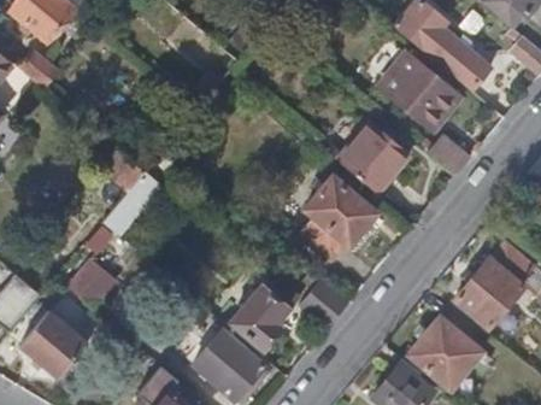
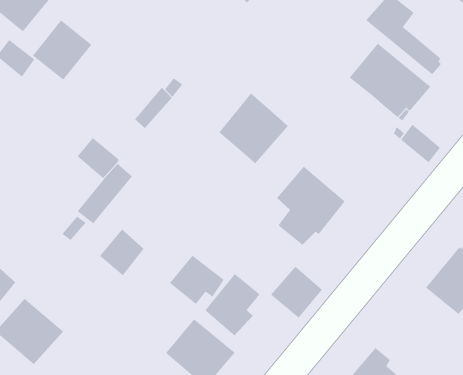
building: none -> [32,20,92,81]
building: [337,121,408,193] -> [219,93,289,164]
building: [66,251,112,299] -> [99,229,145,276]
building: none -> [169,255,225,305]
building: [407,317,481,382] -> none

